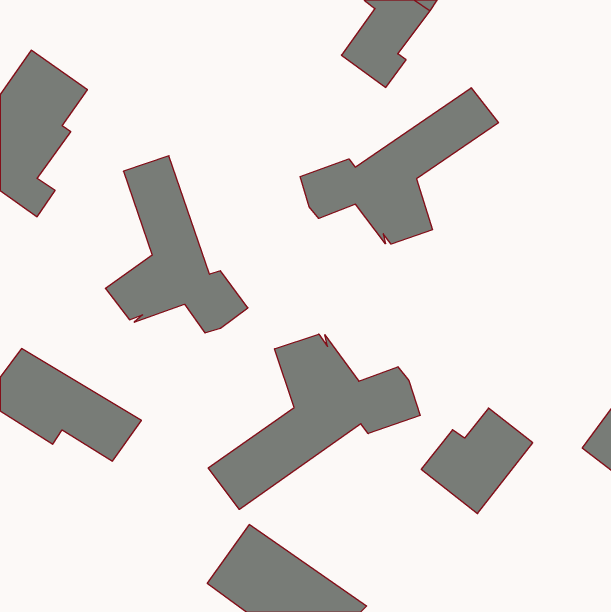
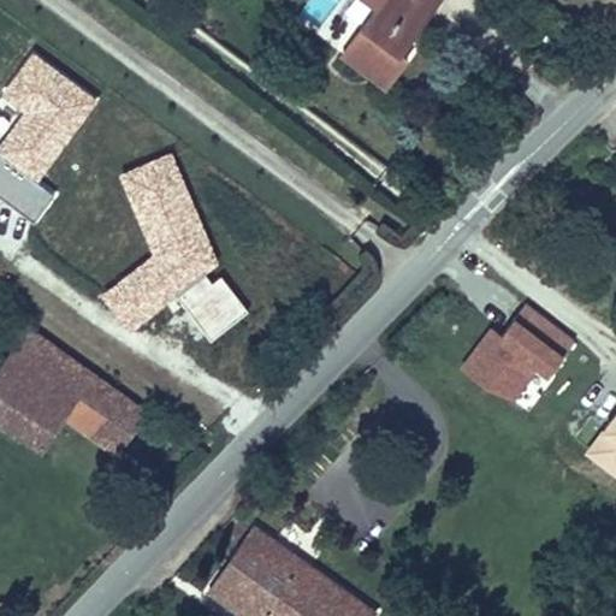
building: [300,88,498,244] -> none
building: [208,334,420,509] -> none
building: [421,408,533,514] -> [462,302,574,408]

